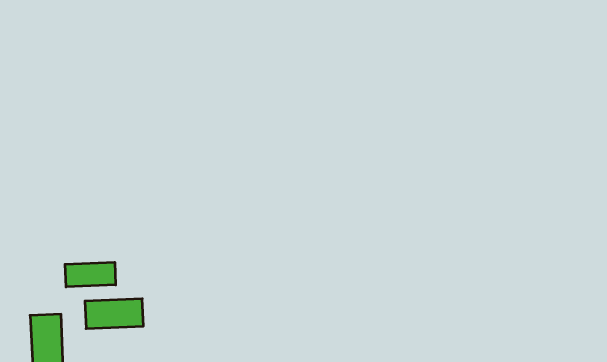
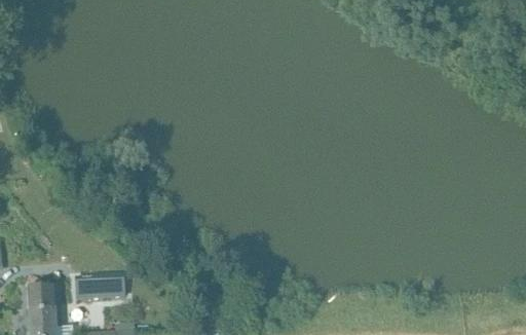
building: [65,262,116,287] -> none

